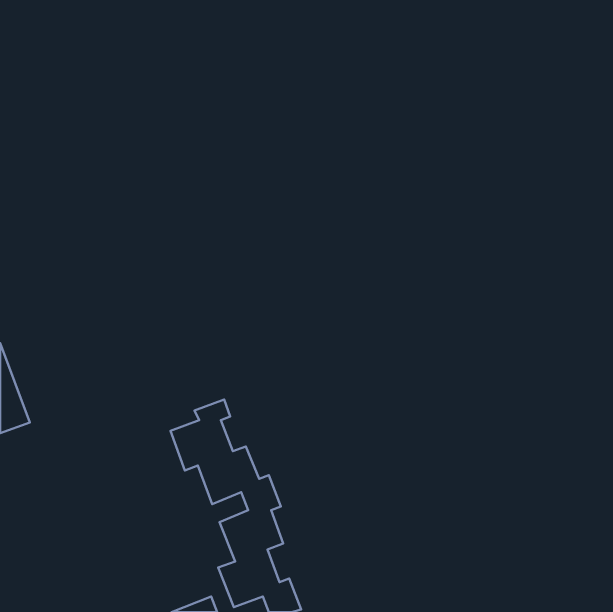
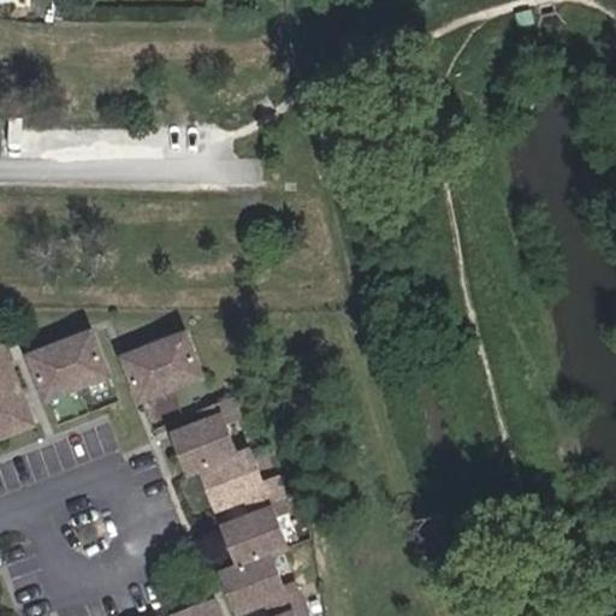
building: none -> [25,330,106,398]
building: none -> [120,331,200,399]

